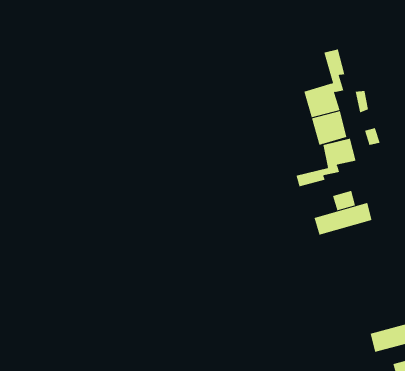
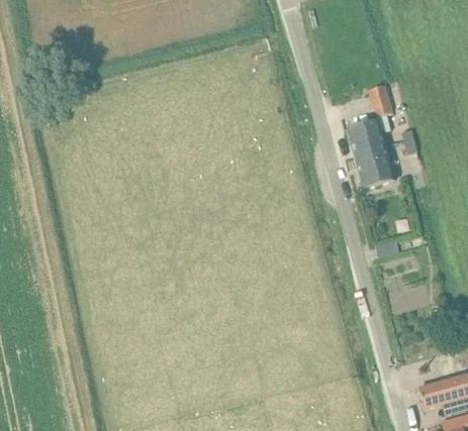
building: [296,138,356,187] -> none
building: [314,202,372,236] -> none

